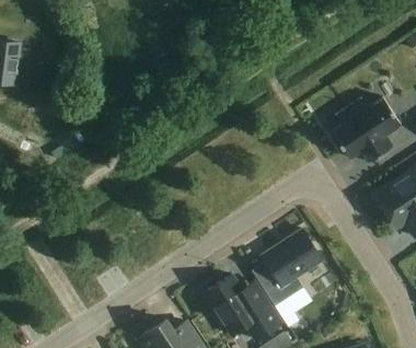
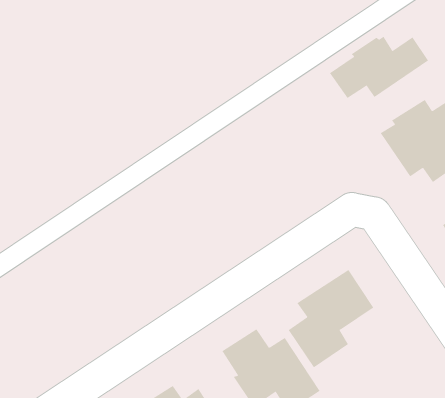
building: none -> [329,36,429,99]

